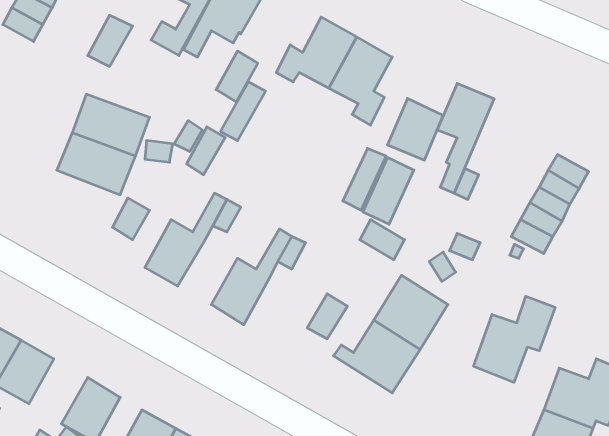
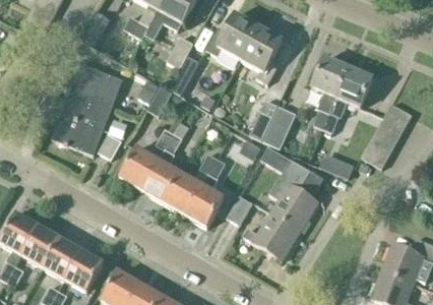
building: [387,98,443,160] -> [336,66,373,107]
building: none -> [52,113,104,155]
building: none -> [141,159,181,201]
building: none -> [185,183,225,227]
building: [474,296,555,382] -> none
building: none -> [44,237,82,280]

